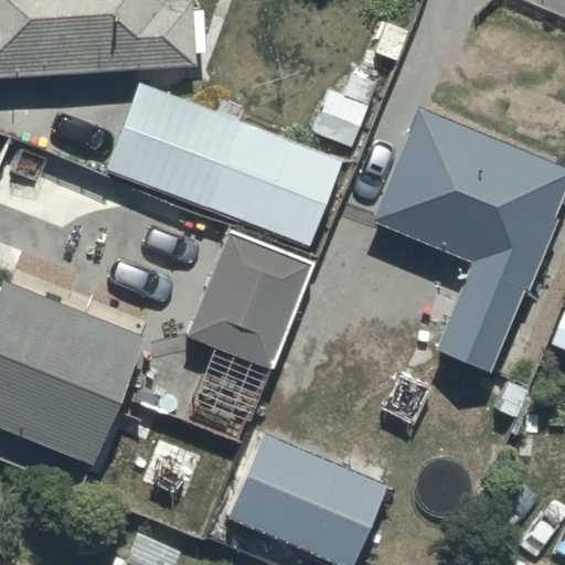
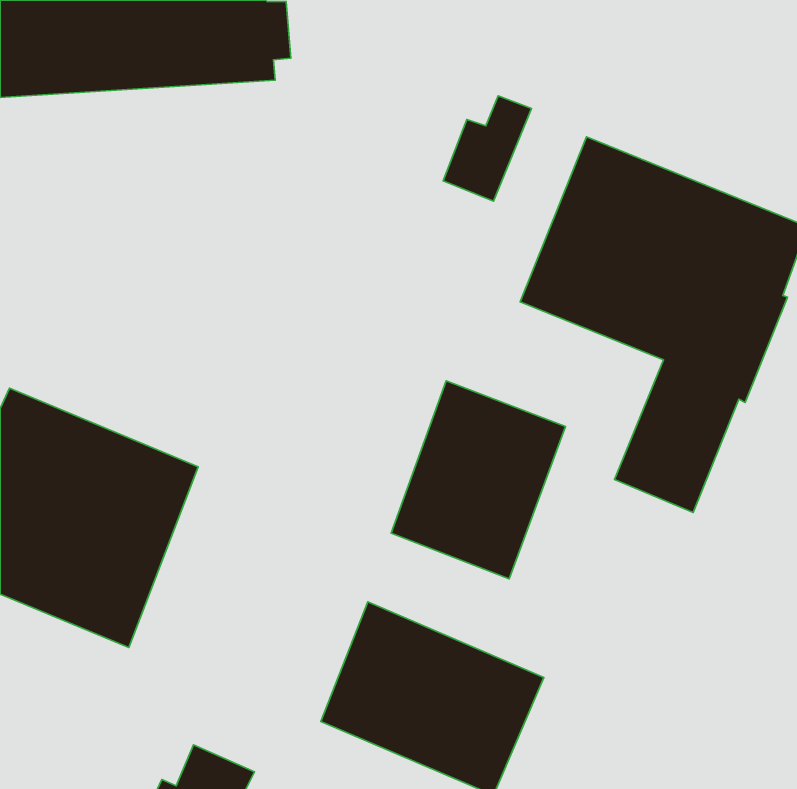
building: [110,84,343,249] -> none
building: [188,232,310,371] -> [391,381,566,579]

